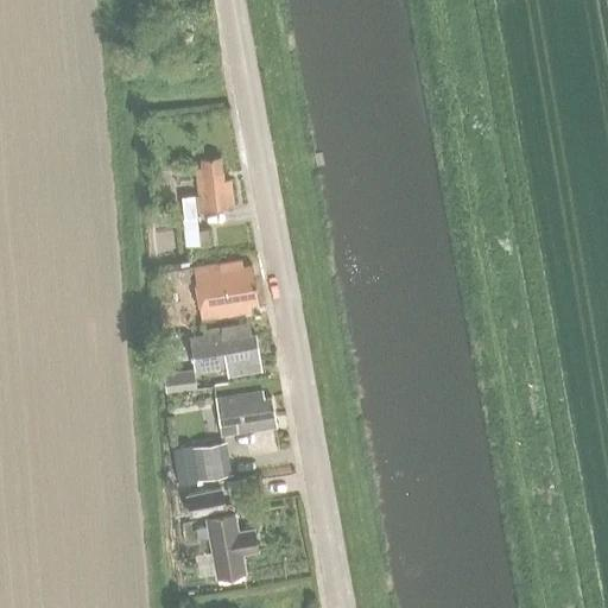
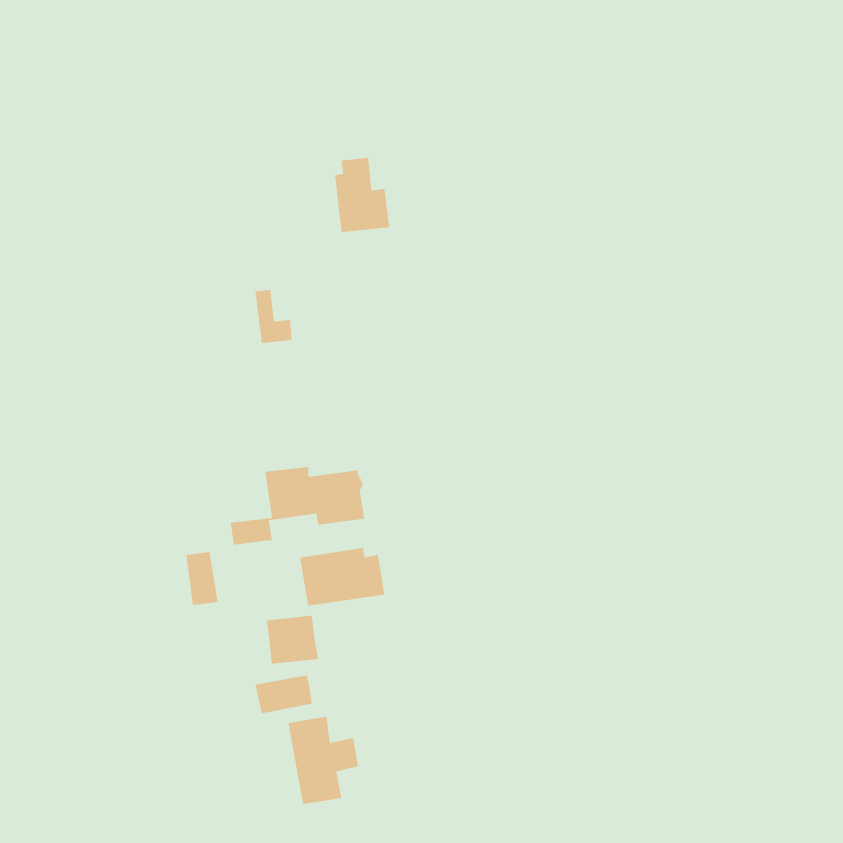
building: [195,157,235,211] -> [334,157,390,233]
building: [166,262,259,321] -> none
building: [171,444,195,483] -> [186,551,219,606]

